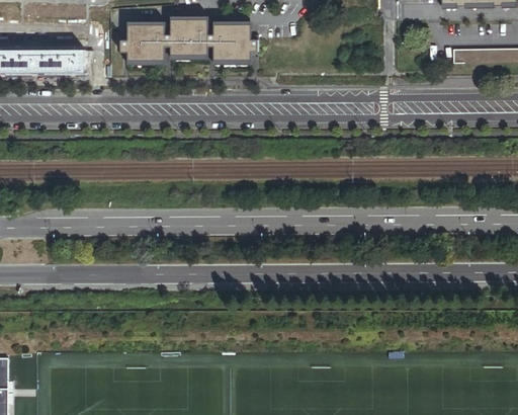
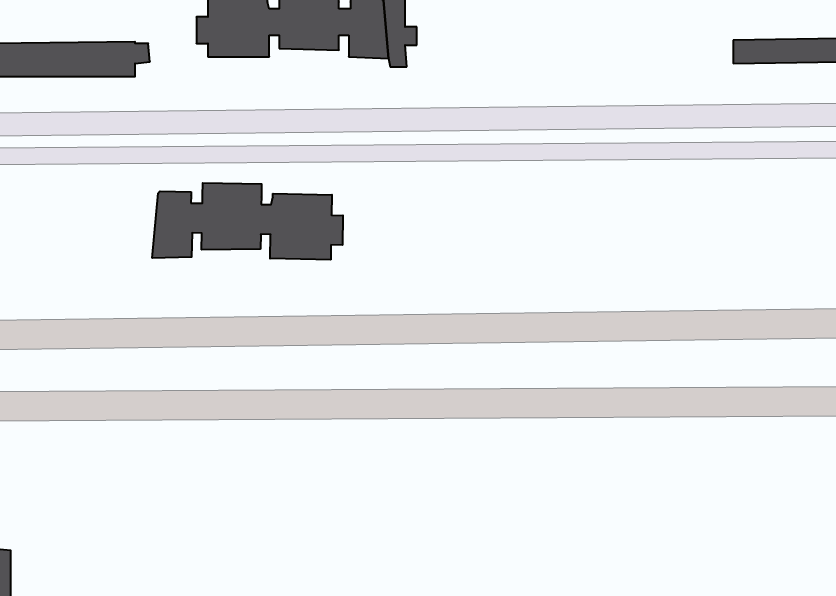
building: none -> [152,183,343,260]

